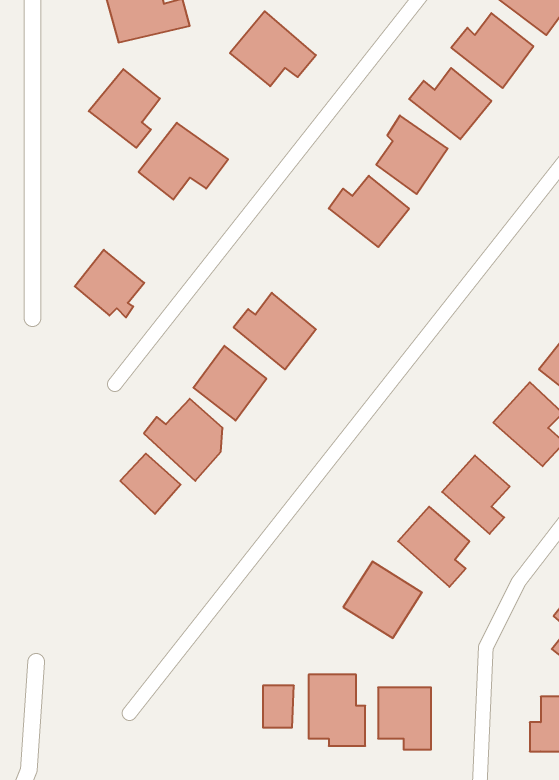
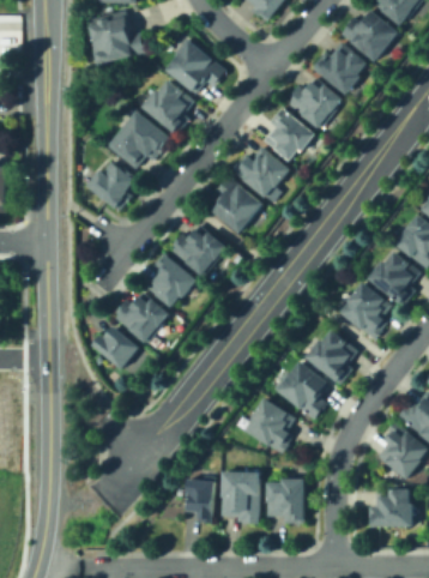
building: [89,69,160,148] -> [145,79,192,131]
building: none -> [216,177,262,231]
building: [75,250,144,317] -> [91,164,137,209]

